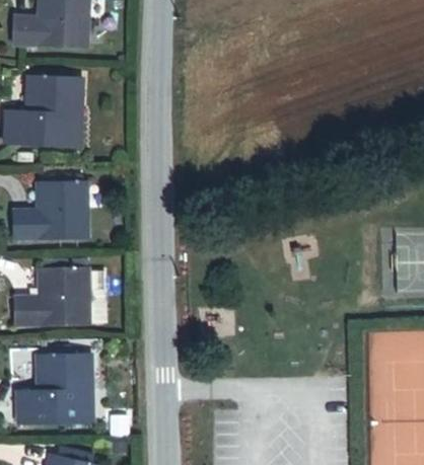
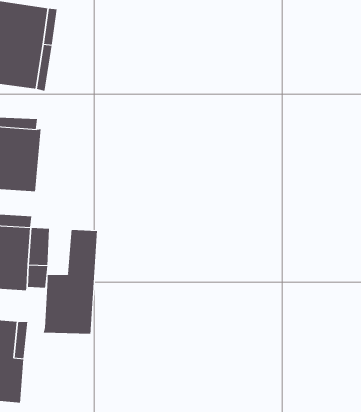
building: none -> [43,229,97,335]

